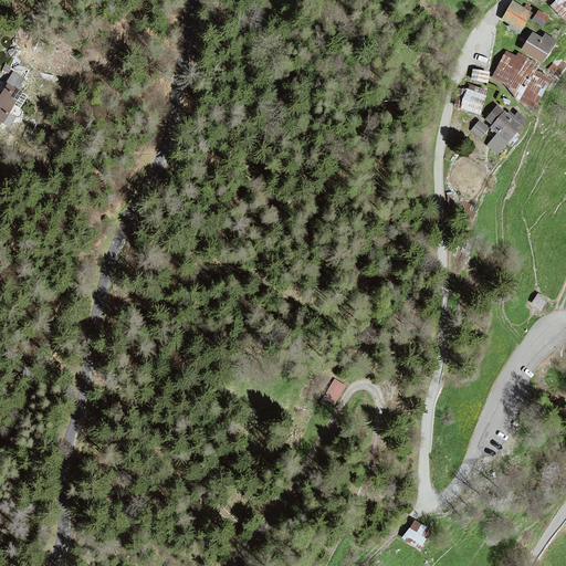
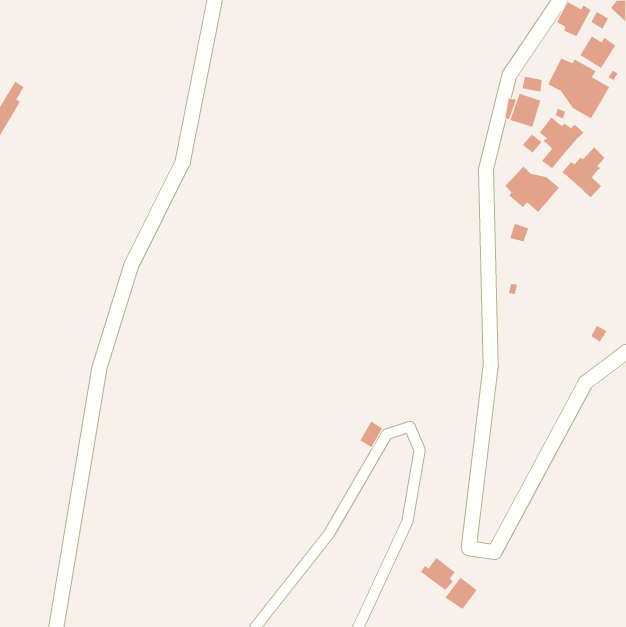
building: none -> [561,146,605,198]
building: none -> [505,166,560,213]
building: none -> [420,557,455,591]

